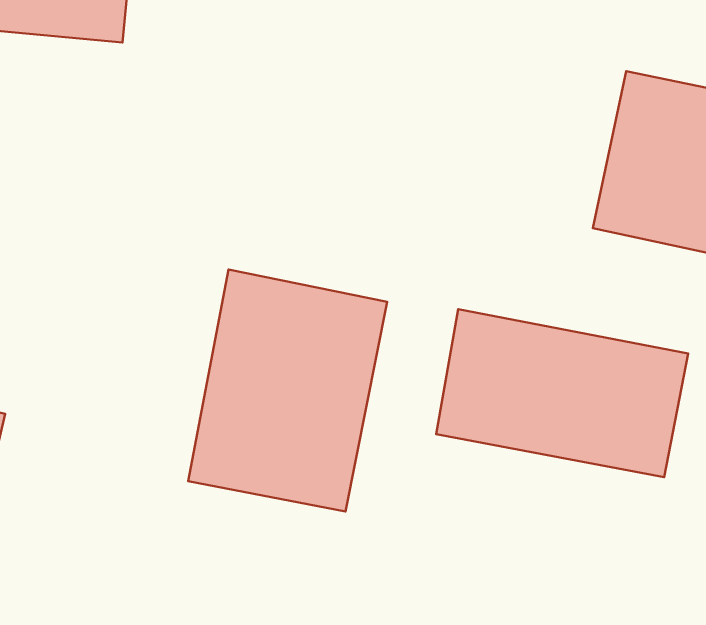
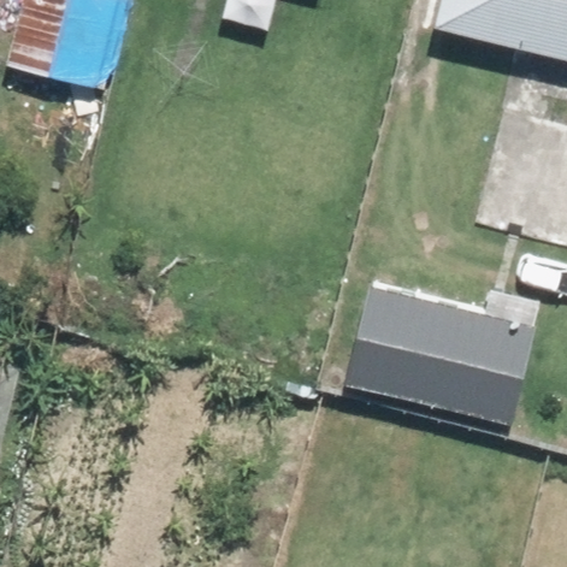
building: [188,269,387,512] -> none

